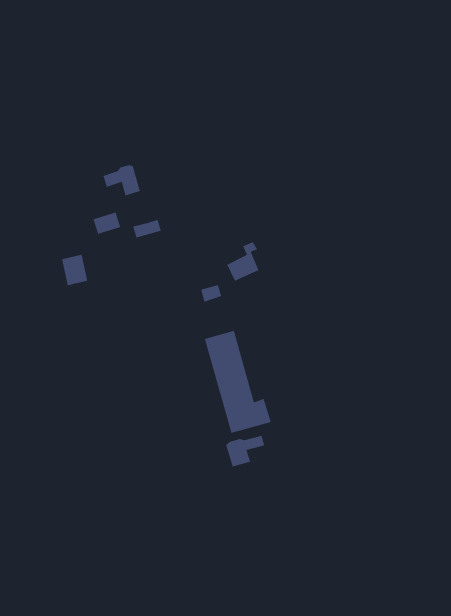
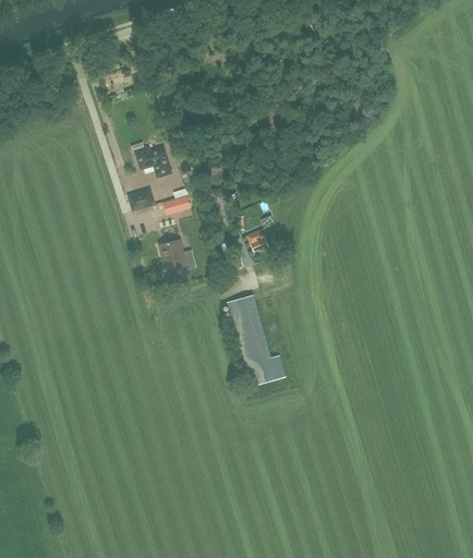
building: [61,254,88,286] -> [162,239,186,267]
building: [225,435,265,468] -> none

